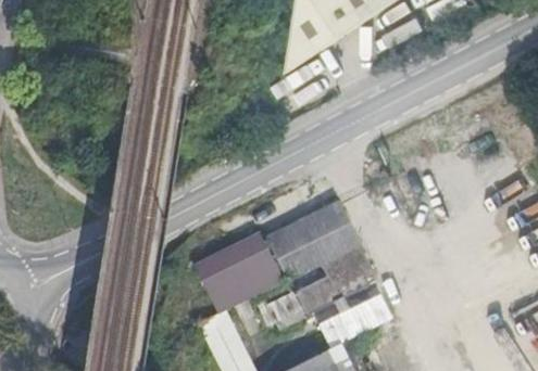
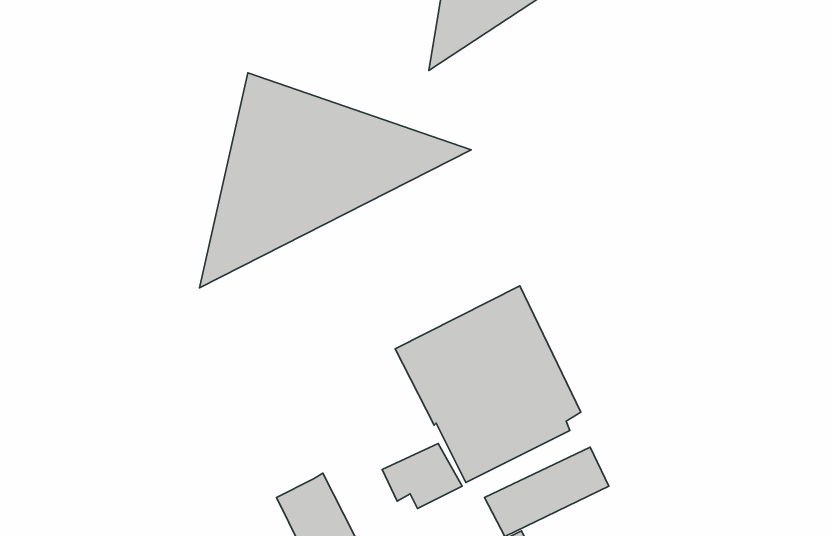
building: none -> [199,73,471,288]
building: [191,233,281,314] -> none

